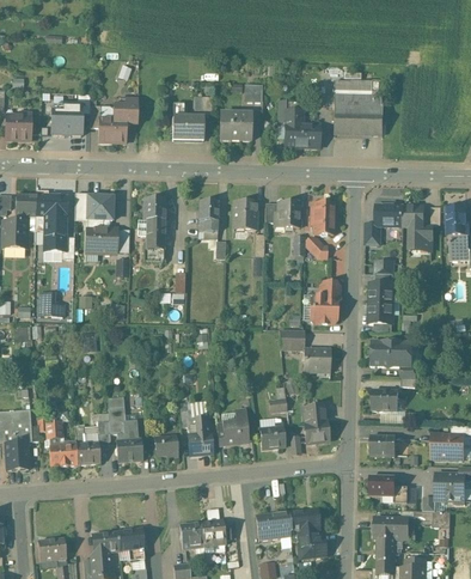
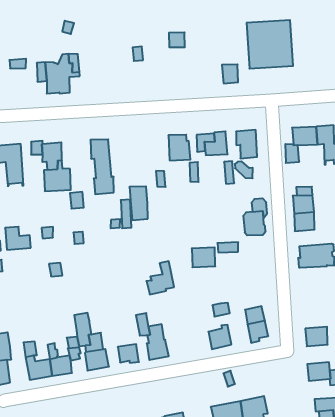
building: [277,102,301,147] -> none
building: [219,114,250,141] -> none
building: [53,115,77,141] -> none
building: [172,117,202,140] -> none
building: [198,200,218,238] -> [129,186,148,220]
building: [302,349,330,372] -> [192,247,215,267]
building: [371,390,398,412] -> none
building: [216,410,247,446] -> [146,261,174,294]

